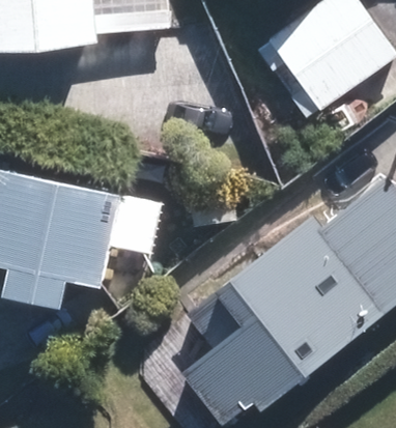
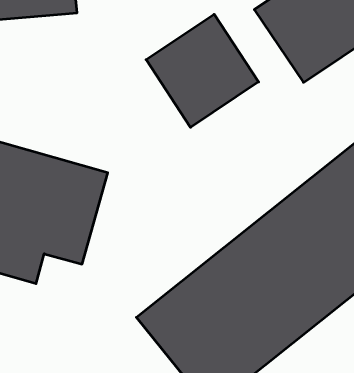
building: none -> [146,14,259,127]

